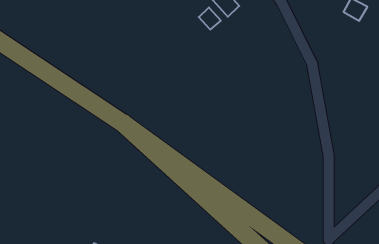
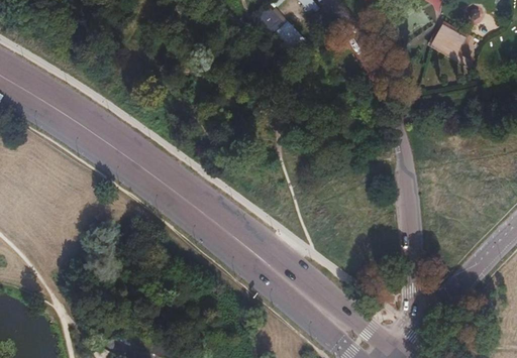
building: [199,7,221,30] -> none

